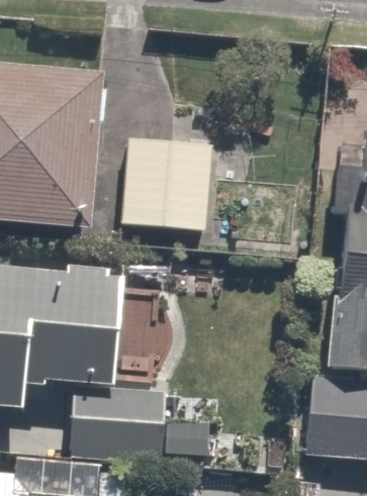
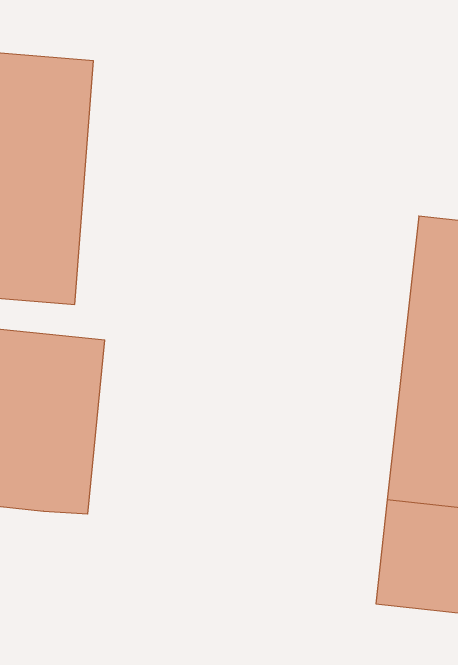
building: [115,134,223,235] -> none
building: [62,386,207,469] -> none

